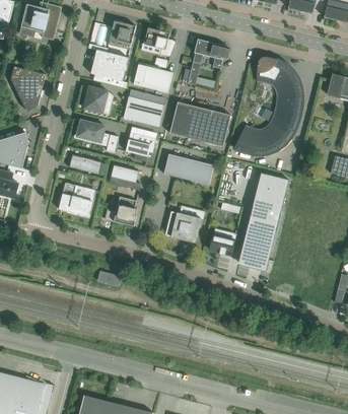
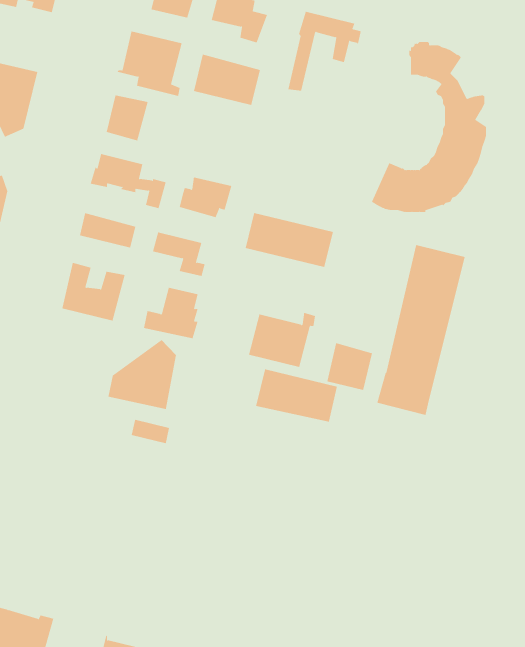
building: [123,95,163,126] -> none
building: [168,101,229,146] -> none
building: none -> [108,339,177,410]
building: none -> [256,369,337,422]

